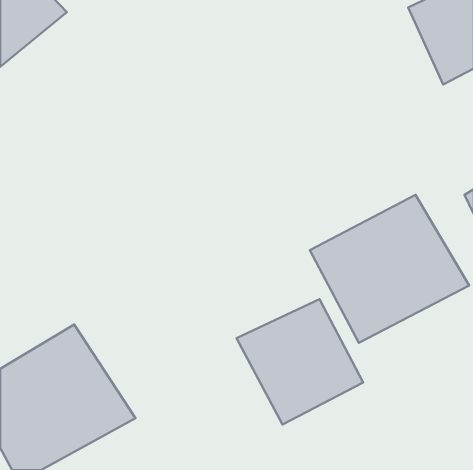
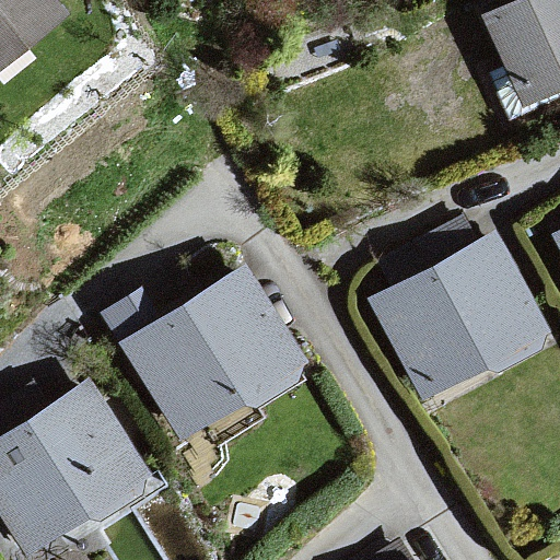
building: none -> [118,265,305,442]
building: [236,299,363,425] -> none

